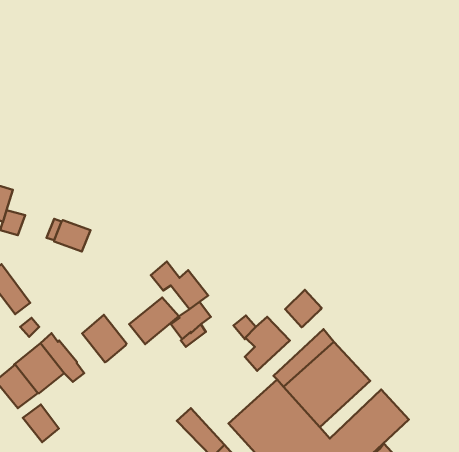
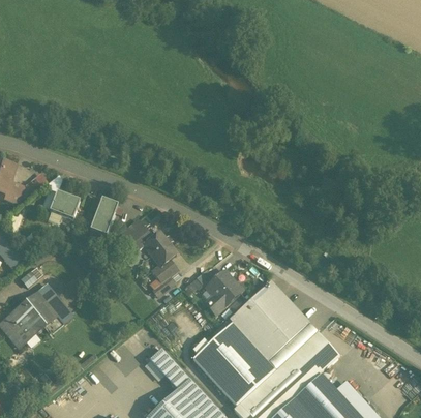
building: none -> [89,198,116,233]
building: [285,290,321,327] -> none
building: [129,298,179,344] -> none
building: [82,315,126,362] -> none
building: [23,404,59,442] -> none

